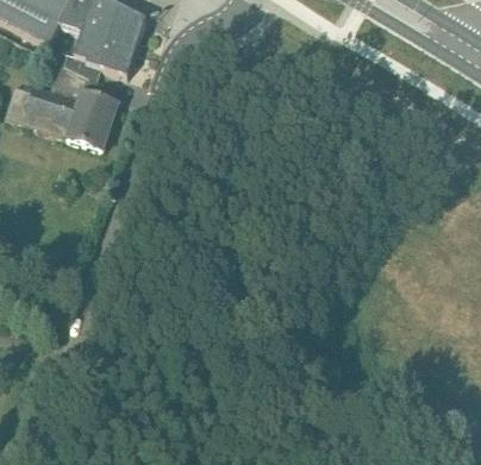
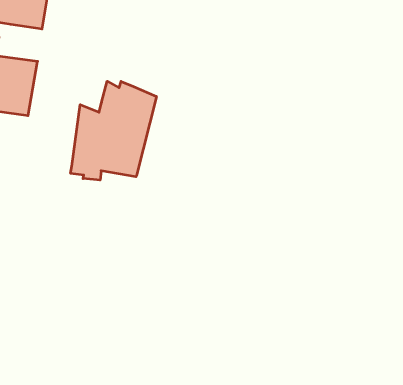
building: none -> [71,81,156,180]

